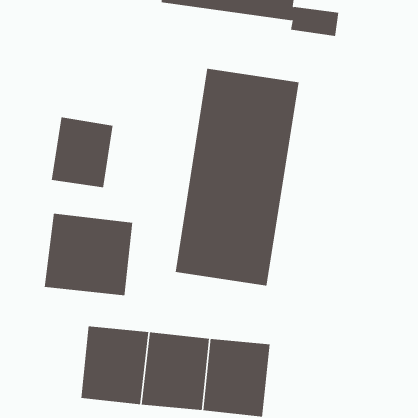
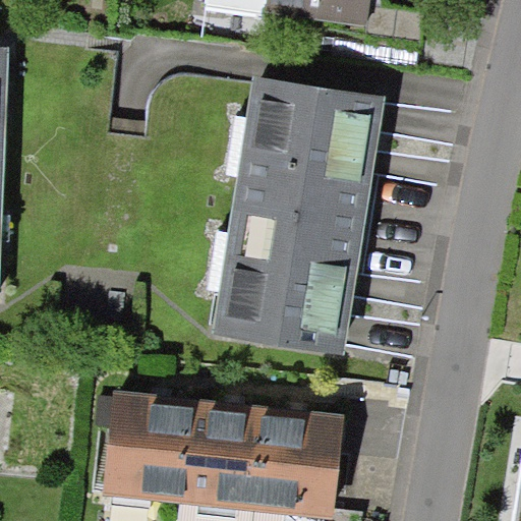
building: [51,117,113,188] -> none
building: [44,213,133,296] -> none

